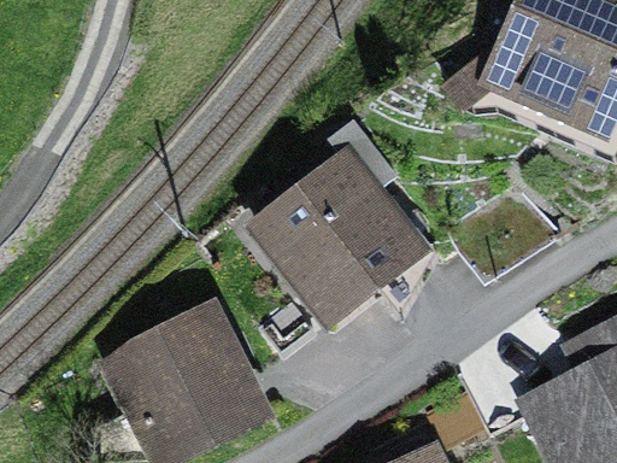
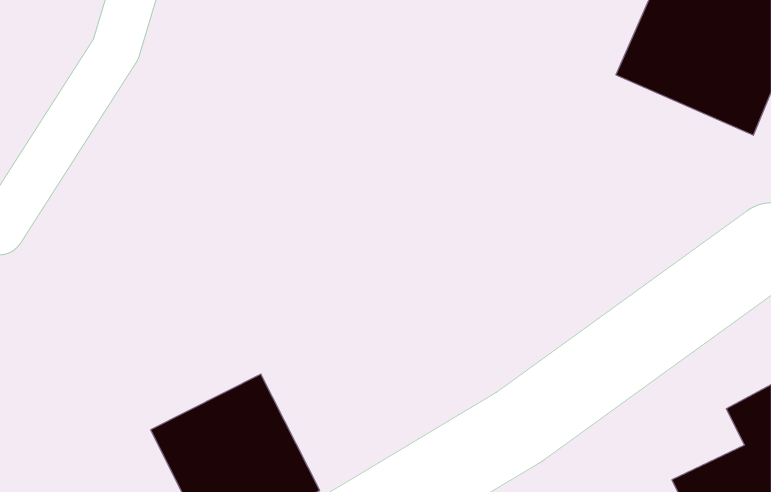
building: [264,165,417,318] -> none

